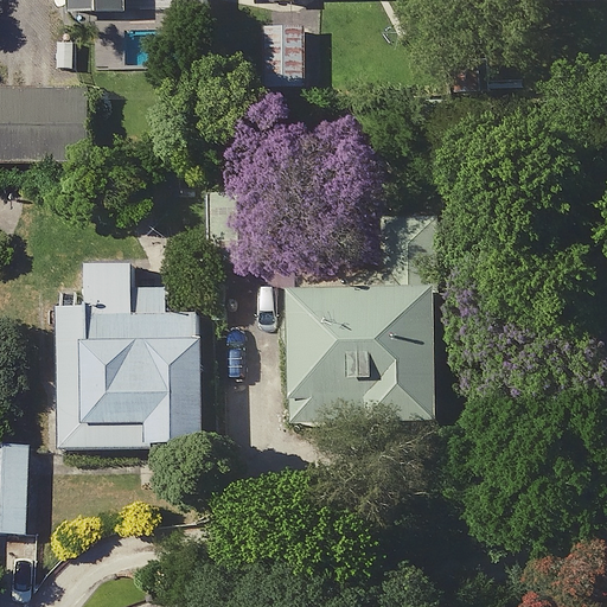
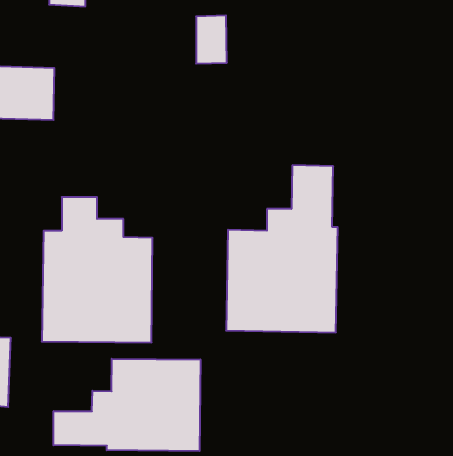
building: none -> [53,359,200,451]

